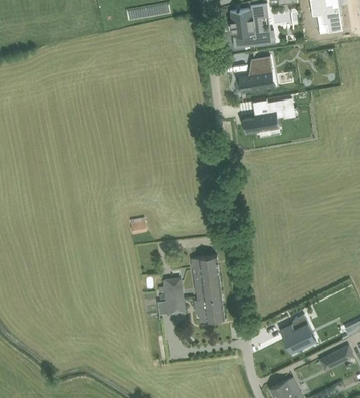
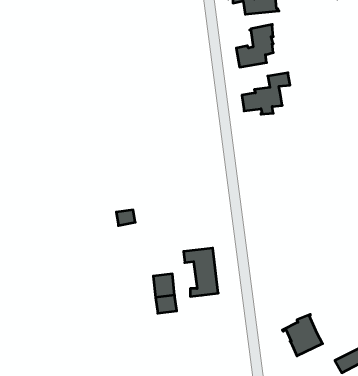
building: [196,295,223,322] -> none

